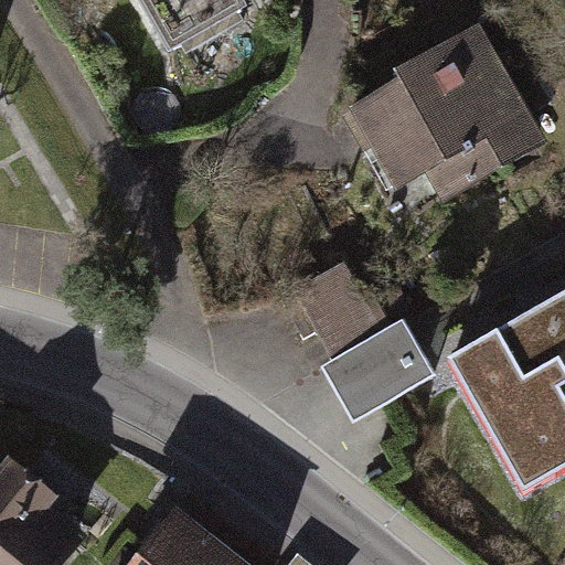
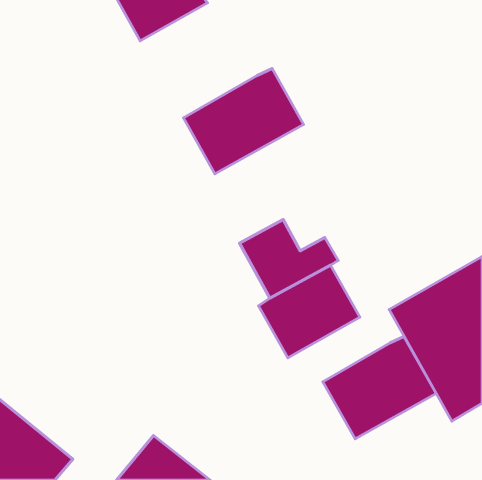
building: [348,25,551,195] -> none
building: none -> [183,68,304,174]
building: none -> [323,336,436,439]

